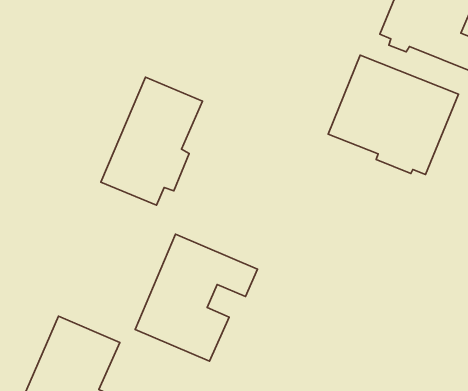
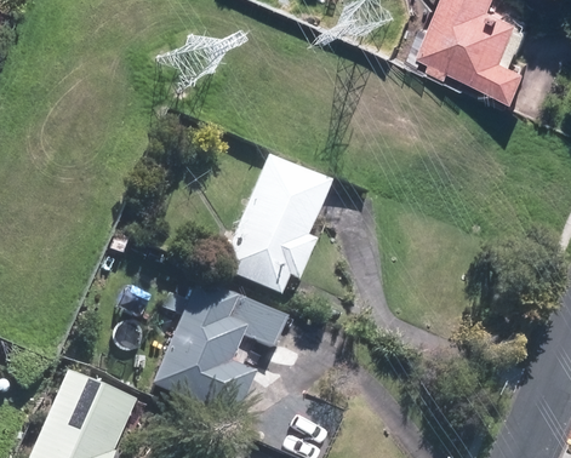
building: [328,55,458,174] -> none
building: [101,77,202,205] -> [218,153,331,294]

